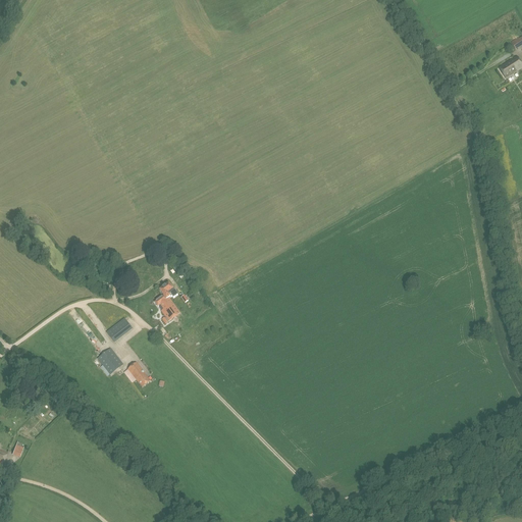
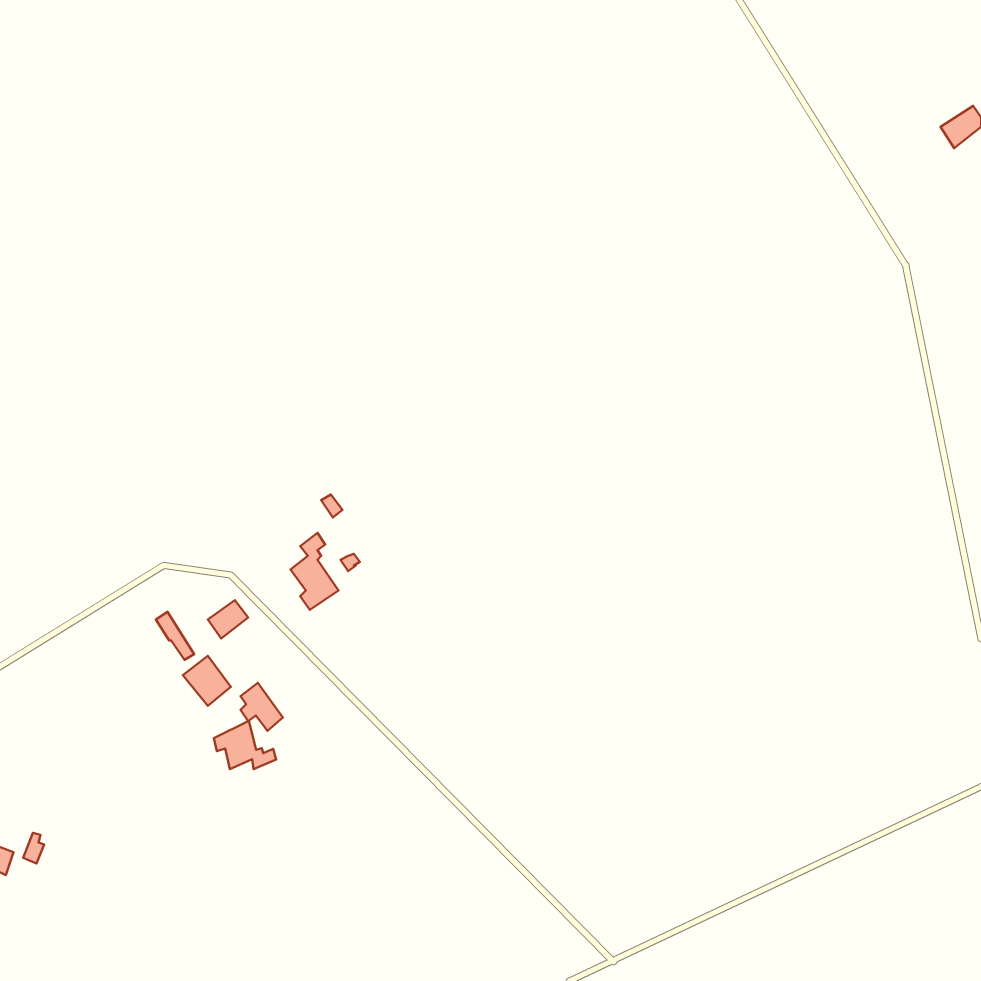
building: none -> [214,721,276,769]

